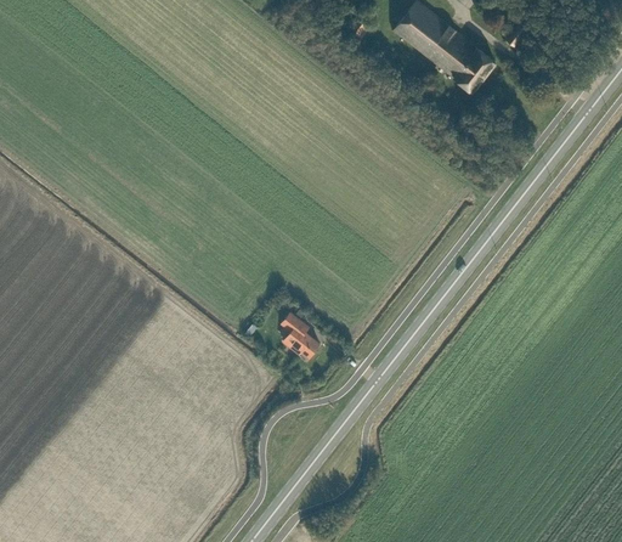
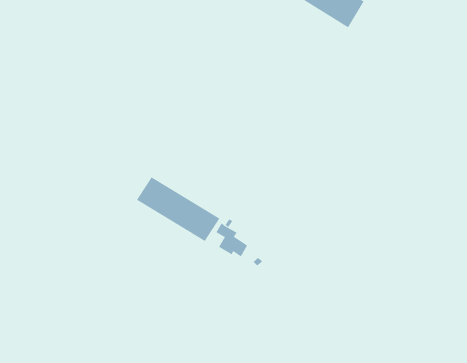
building: none -> [136,176,220,242]

